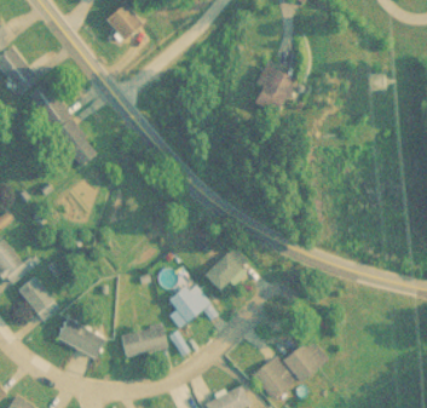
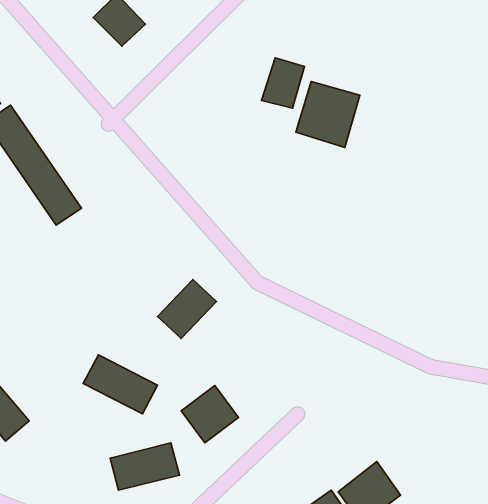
building: none -> [262,58,305,108]
building: [207,248,249,291] -> [157,279,217,339]
building: [54,317,108,360] -> [83,355,158,414]

